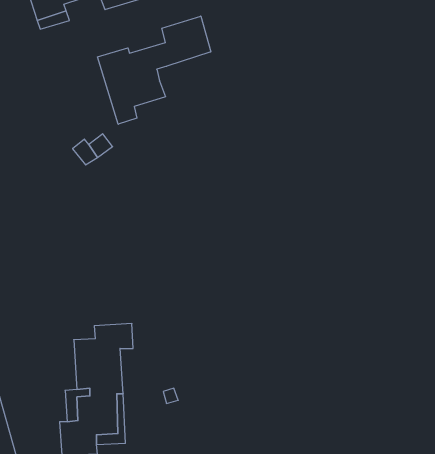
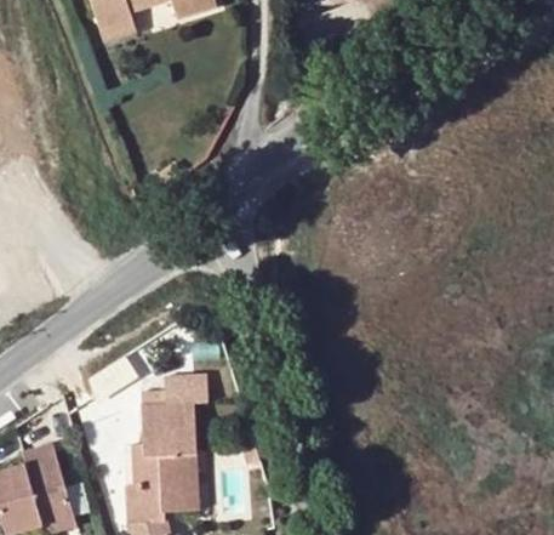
building: [98,16,211,124] -> none

